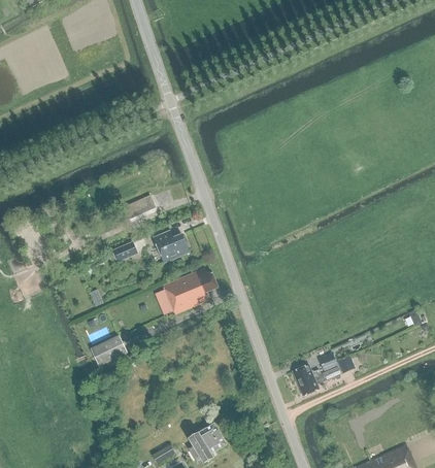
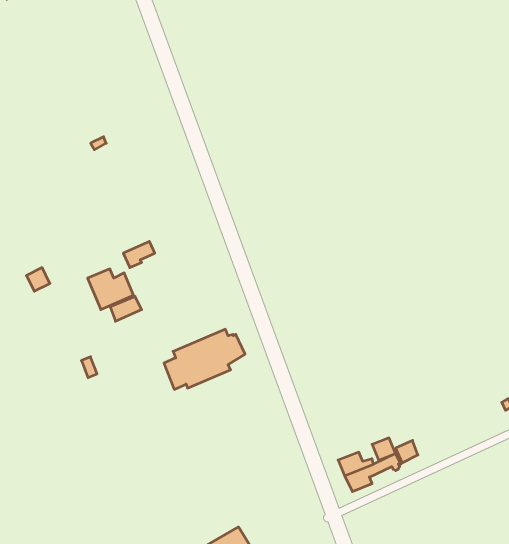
building: [153,230,189,262] -> [88,269,133,310]
building: [90,334,127,366] -> none

